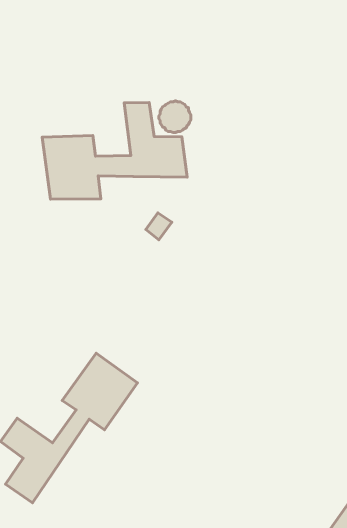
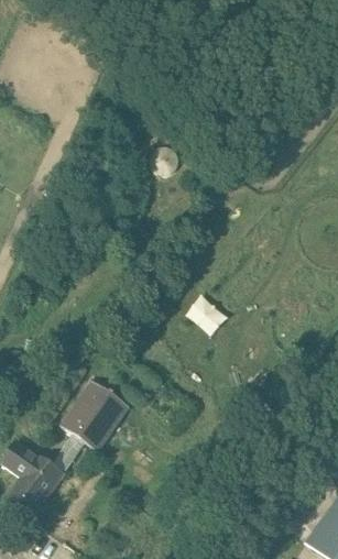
building: [42,103,187,199] -> none

